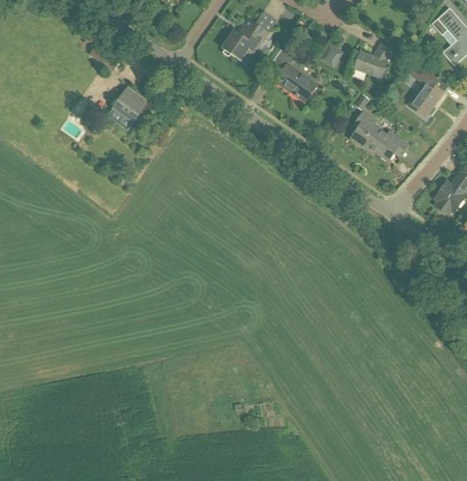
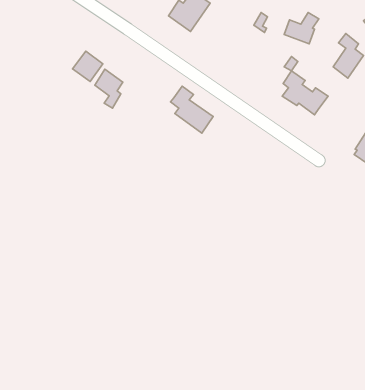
building: [270,48,318,101] -> [171,86,213,133]
building: none -> [95,69,123,108]

